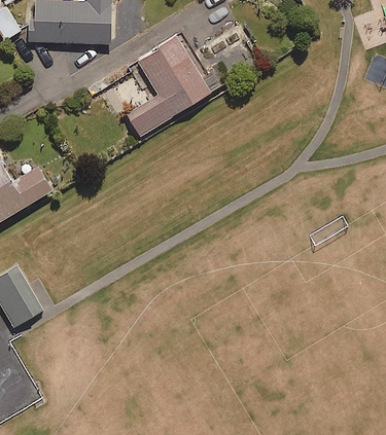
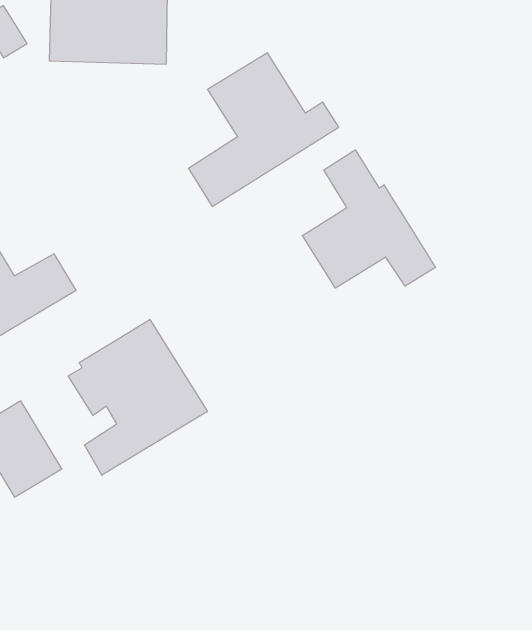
building: none -> [302,150,436,288]
building: none -> [68,319,207,475]

